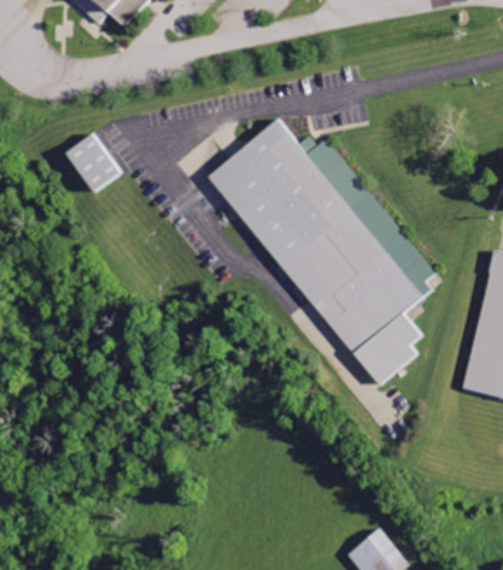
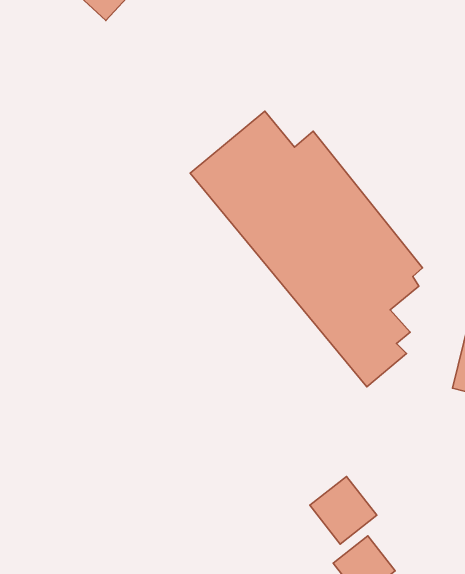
building: [64,131,121,192] -> none
building: none -> [310,477,377,544]

